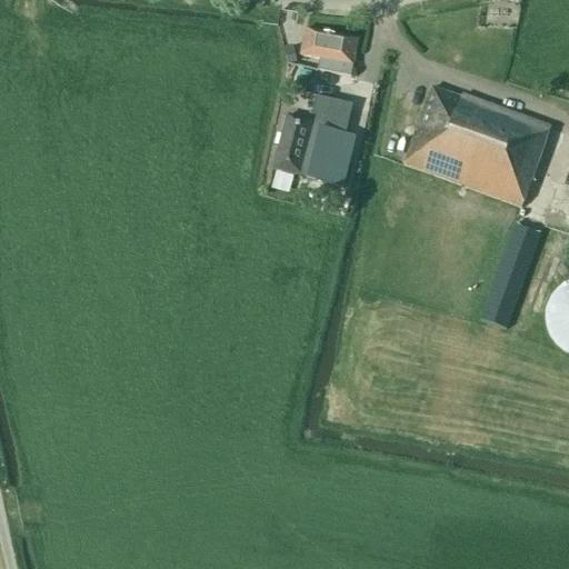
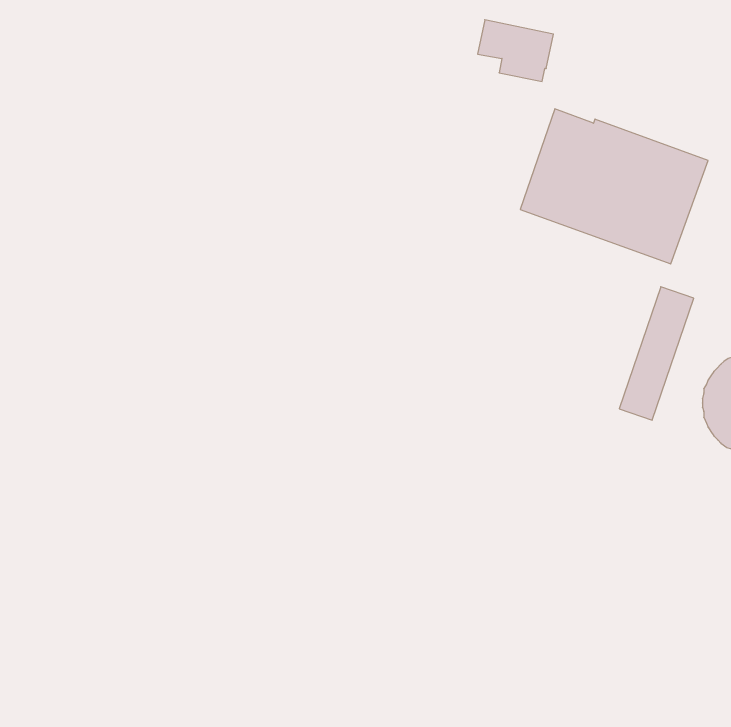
building: [301,26,360,73] -> [478,20,553,81]
building: [272,96,356,183] -> none

